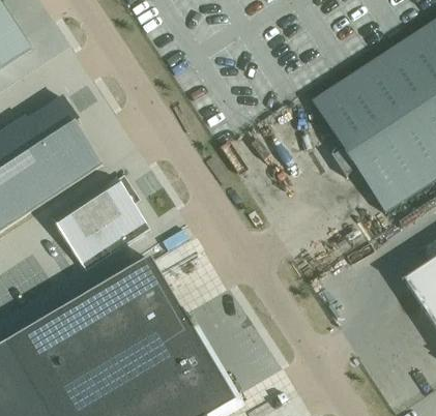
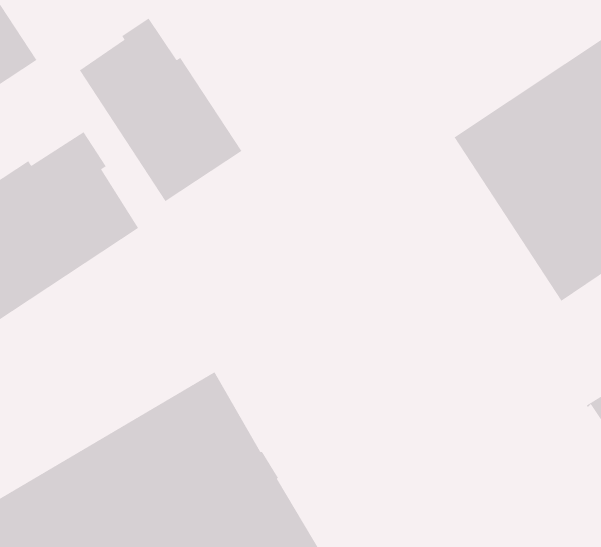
building: none -> [79,17,243,202]
building: [53,174,150,268] -> none

